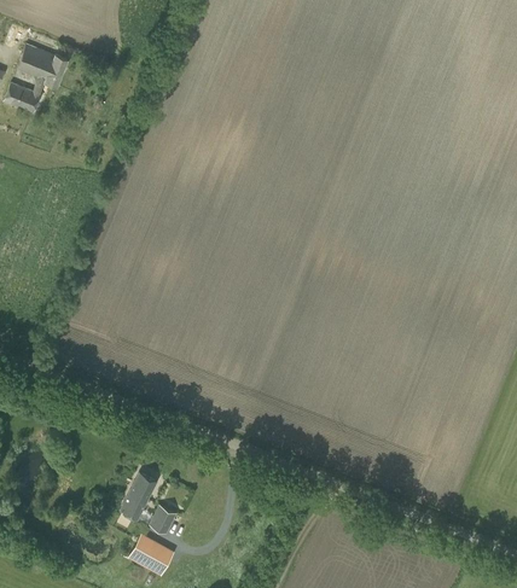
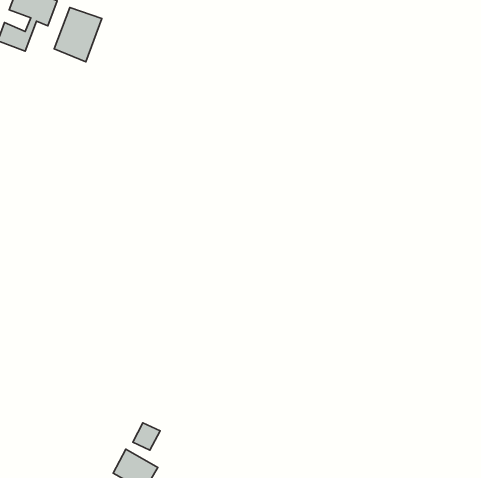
building: none -> [54,8,102,62]
building: [120,471,156,517] -> none

